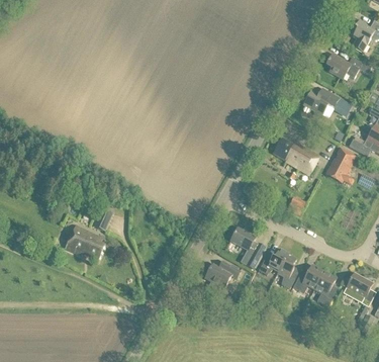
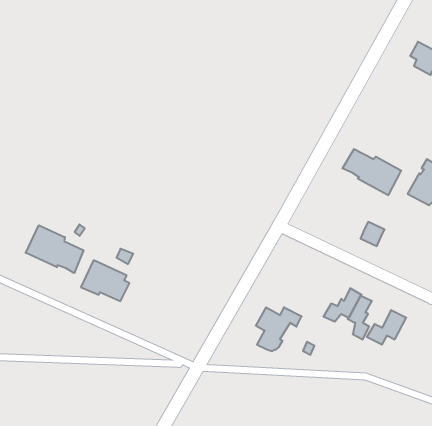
building: [302,87,339,115] -> none
building: none -> [26,225,84,273]
building: [230,225,266,269] -> none
building: [314,271,336,305] -> none

